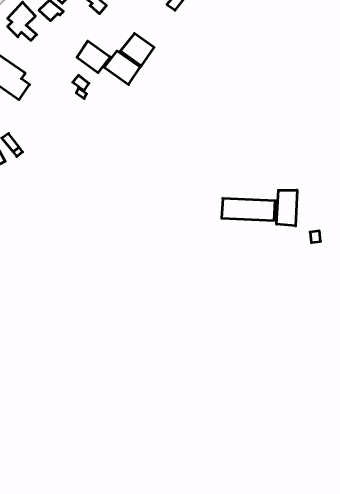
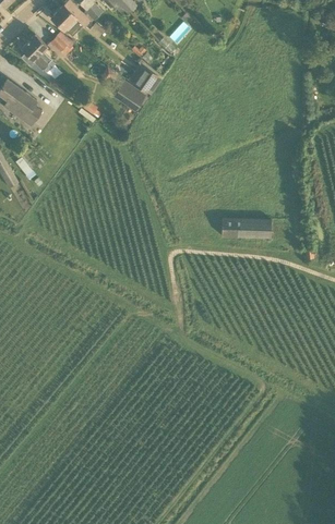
building: [77,41,110,73] -> none
building: [277,190,297,226] -> none

